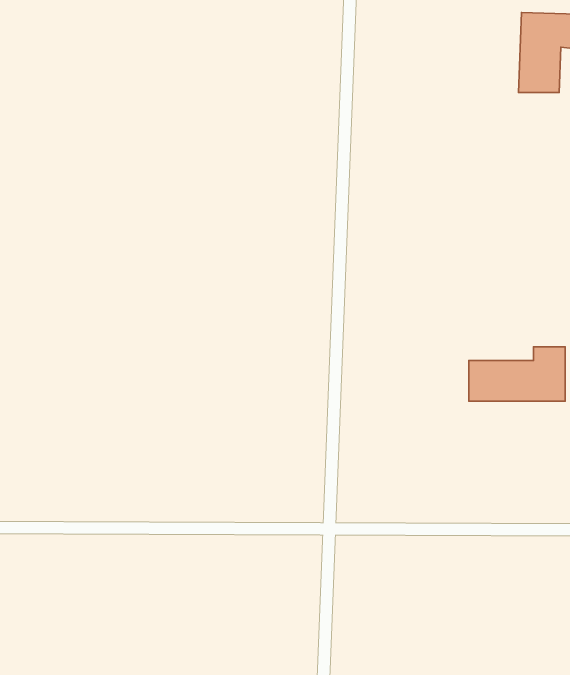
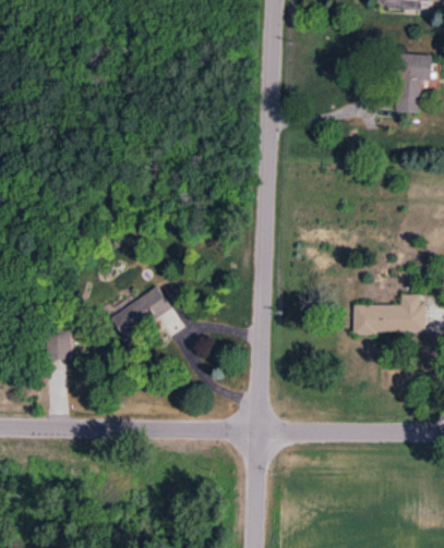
building: none -> [109,289,172,340]
building: none -> [45,326,72,360]

